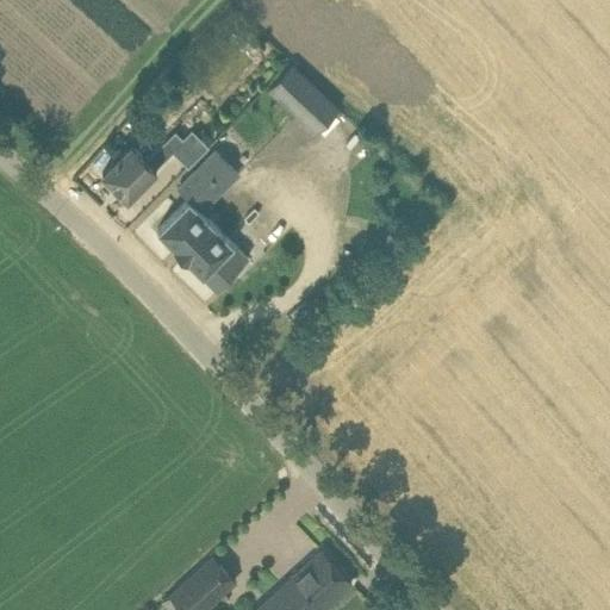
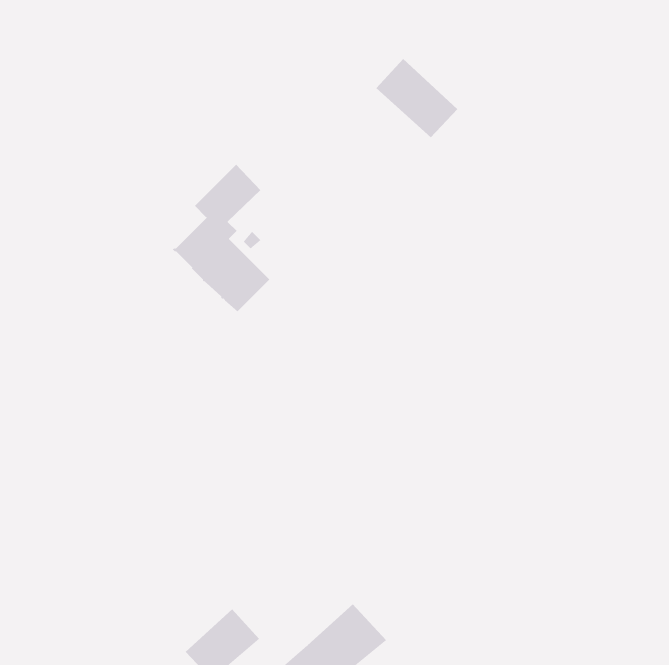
building: [266,66,341,138] -> [376,58,458,138]
building: [101,133,207,201] -> none

